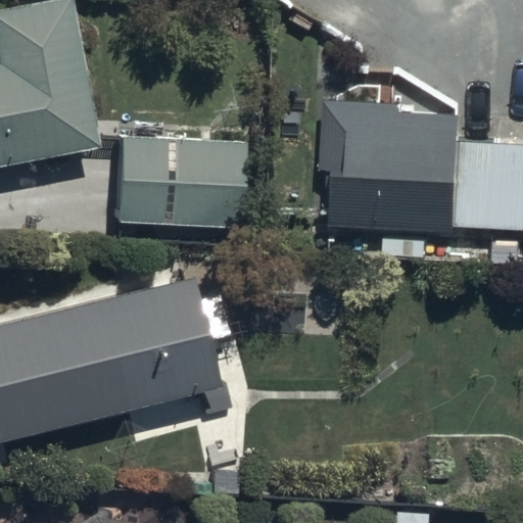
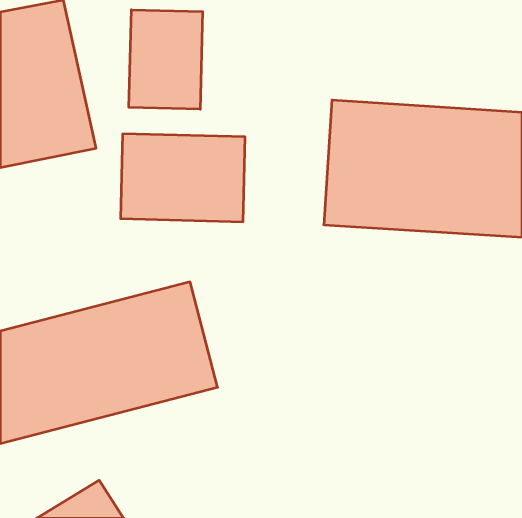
building: none -> [129,10,203,109]

